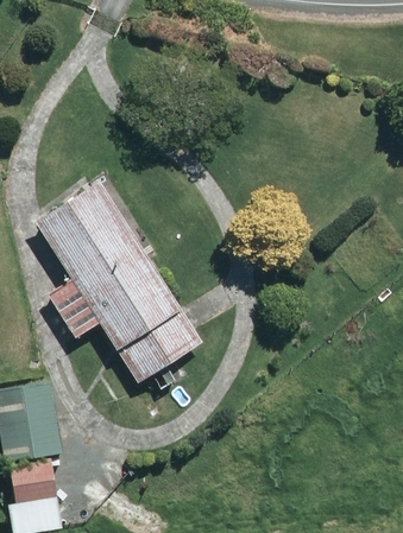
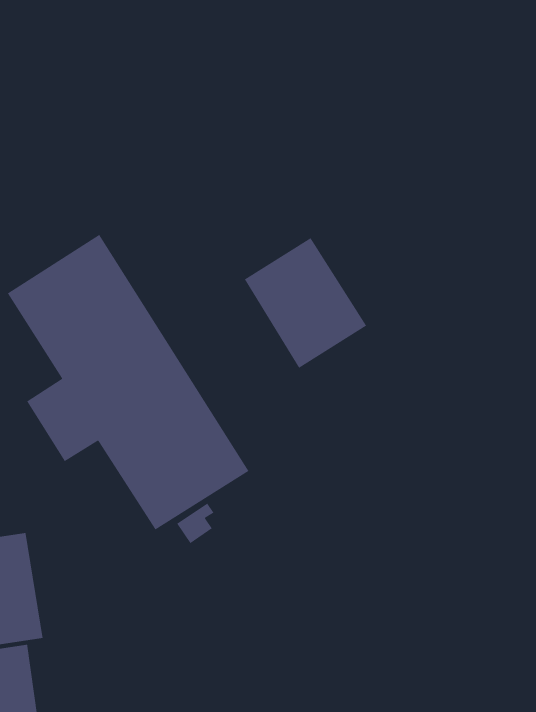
building: none -> [244,237,367,369]

